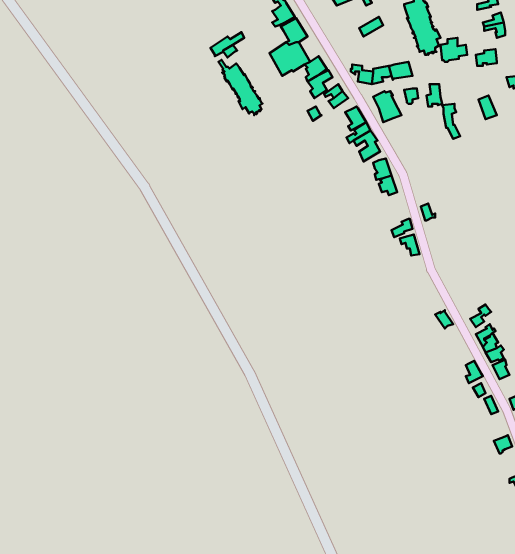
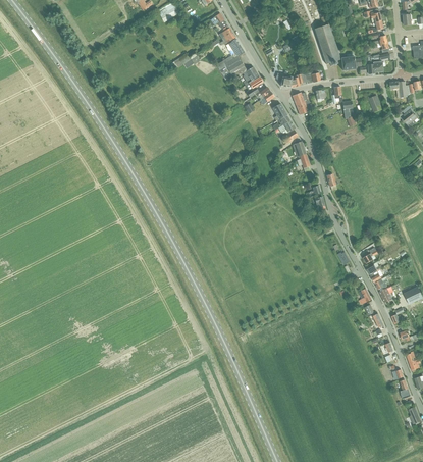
building: [218,60,262,115] -> none

